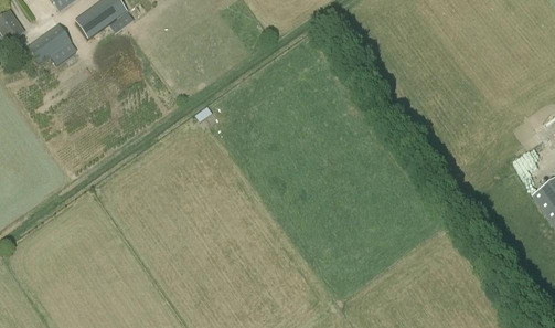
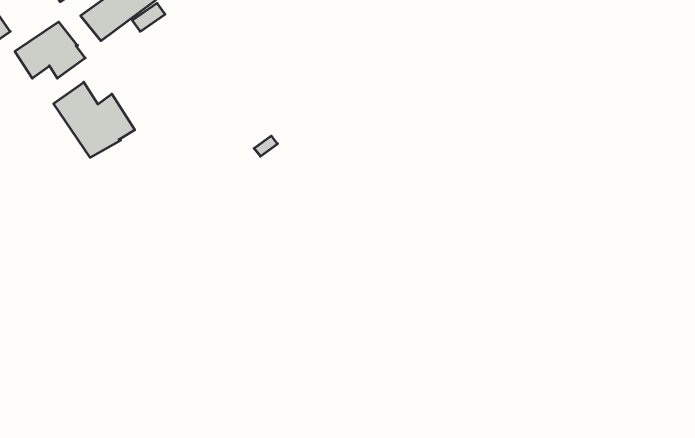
building: none -> [54,82,135,157]

